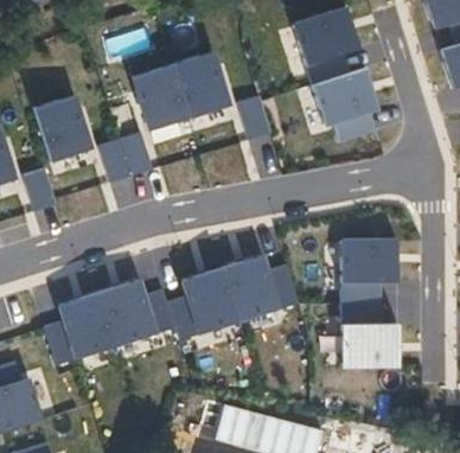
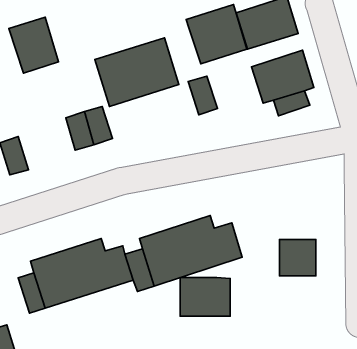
building: none -> [186,4,247,64]
building: [32,95,89,159] -> [9,17,59,73]
building: [343,240,397,283] -> none
building: [343,324,400,368] -> [180,278,230,316]

